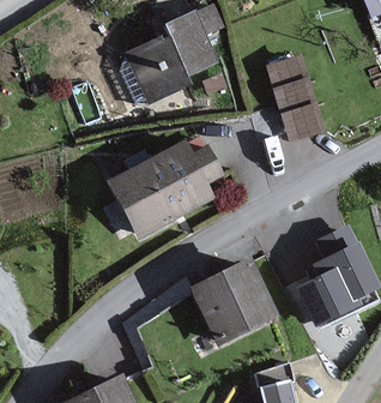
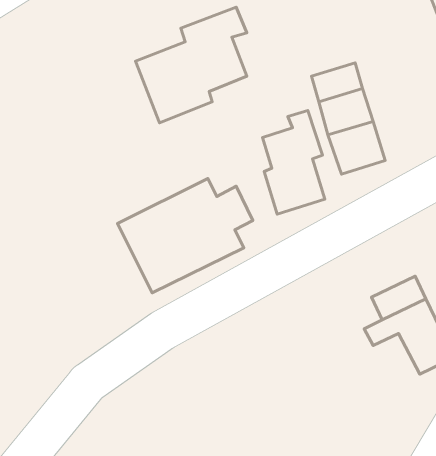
building: none -> [262,110,325,214]
building: [192,265,273,345] -> none
building: [296,269,357,329] -> none

